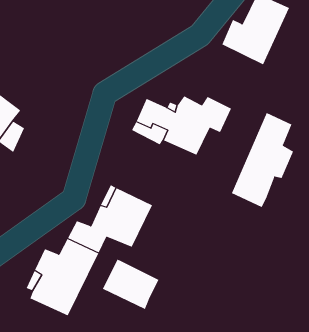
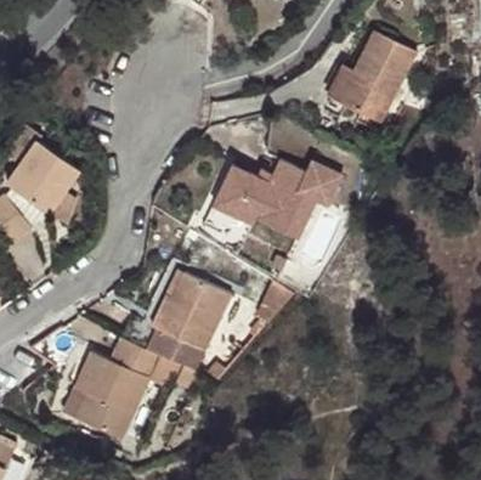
building: [231,112,294,208] -> none
building: [102,259,159,310] -> none

